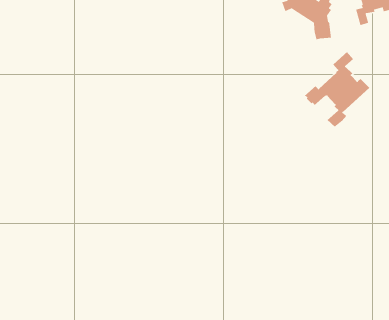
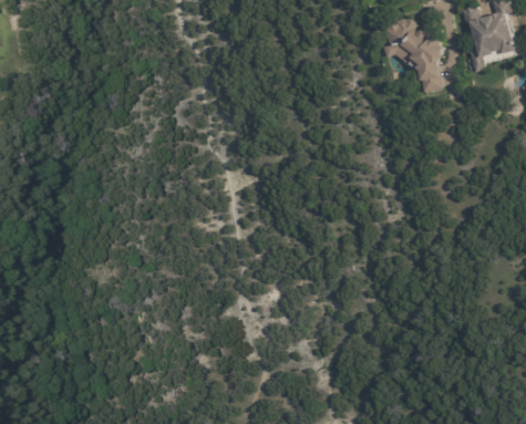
building: [304,51,370,128] -> none

